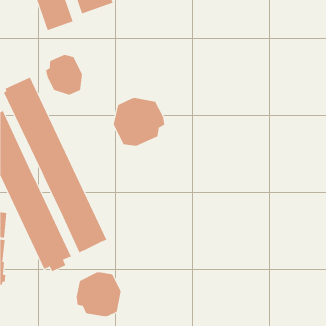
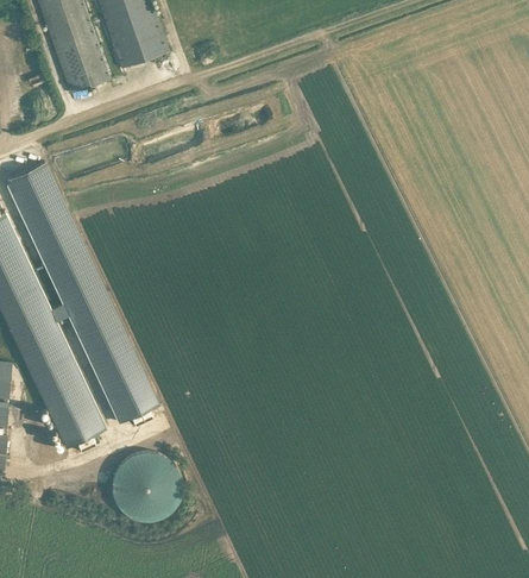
building: [46,54,82,95] -> none
building: [113,97,165,147] -> none

